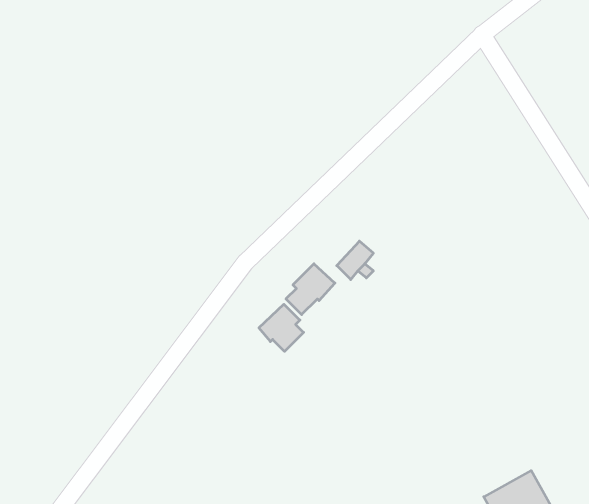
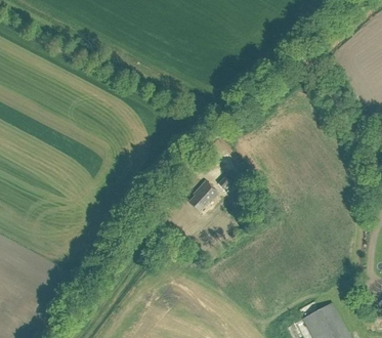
building: [259,304,304,351] -> none

